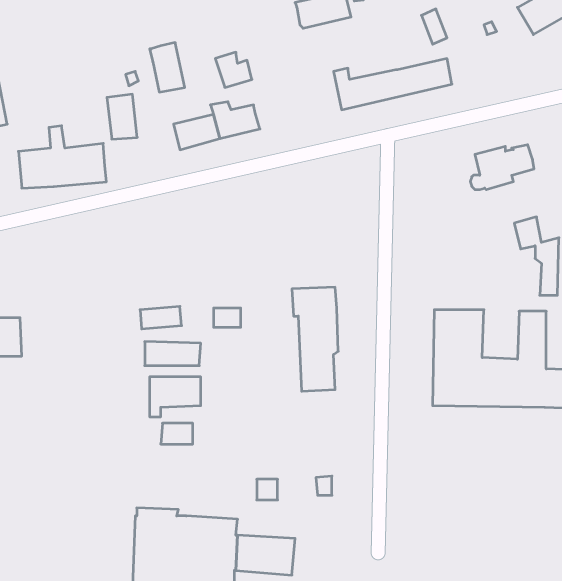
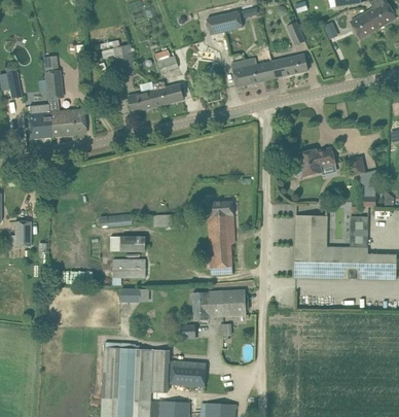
building: [107,94,137,139] -> [44,69,64,98]
building: [470,145,534,190] -> [294,147,335,176]
building: none -> [193,289,247,319]

